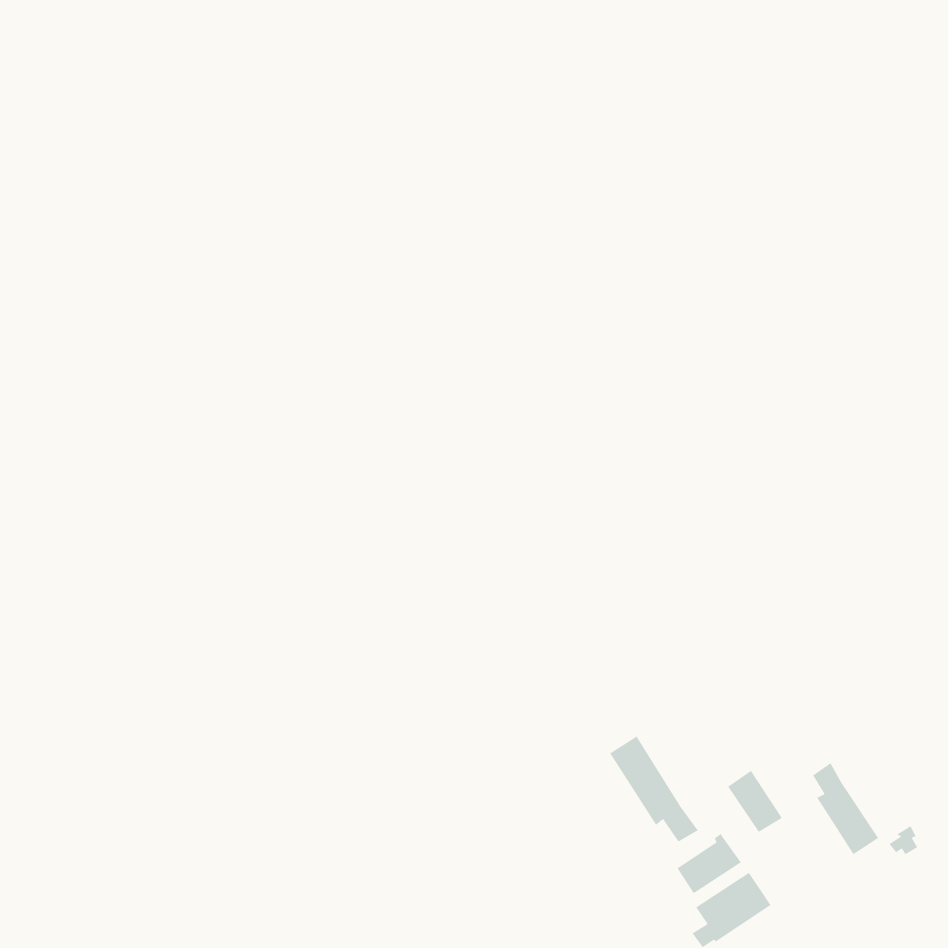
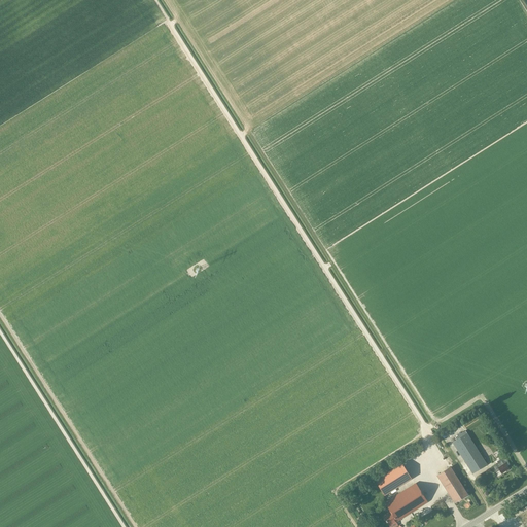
building: [609,736,699,842] -> none
building: [727,770,783,833] -> [437,467,468,502]

